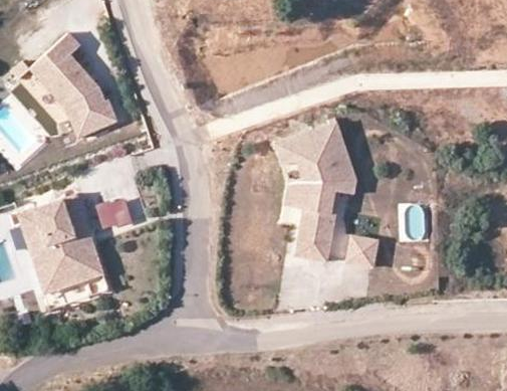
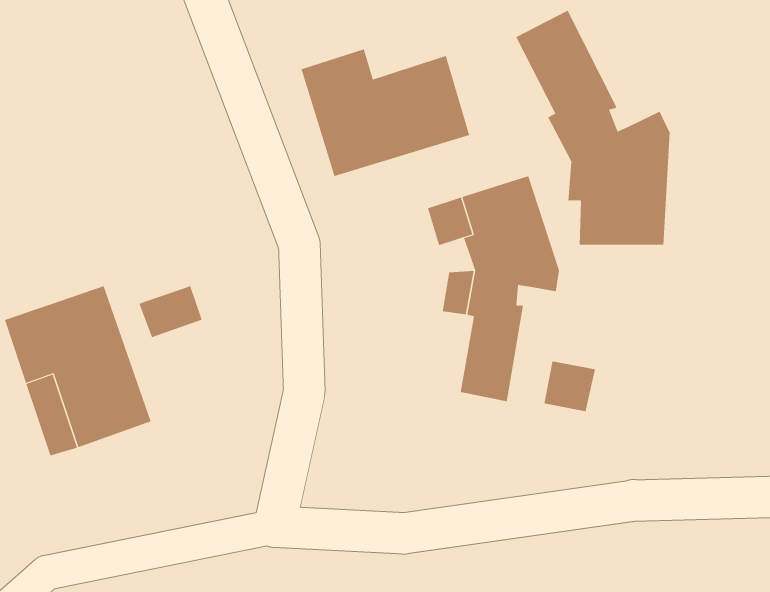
building: none -> [516,10,670,246]
building: [30,33,118,139] -> none
building: none -> [301,49,470,177]

